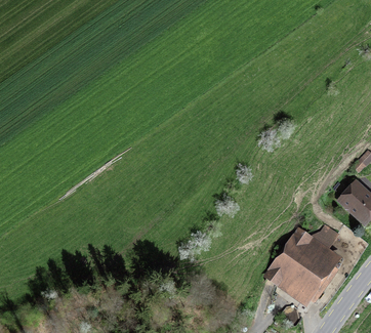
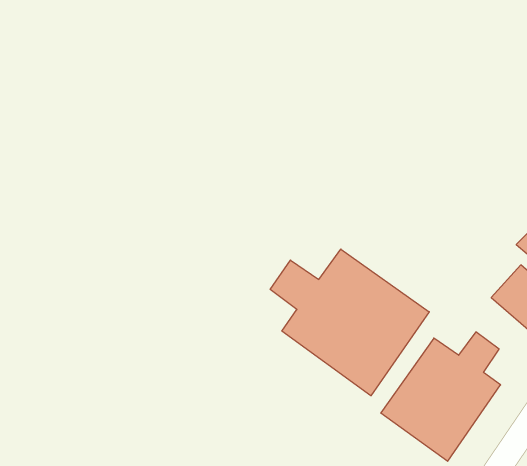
building: none -> [270,249,429,396]

